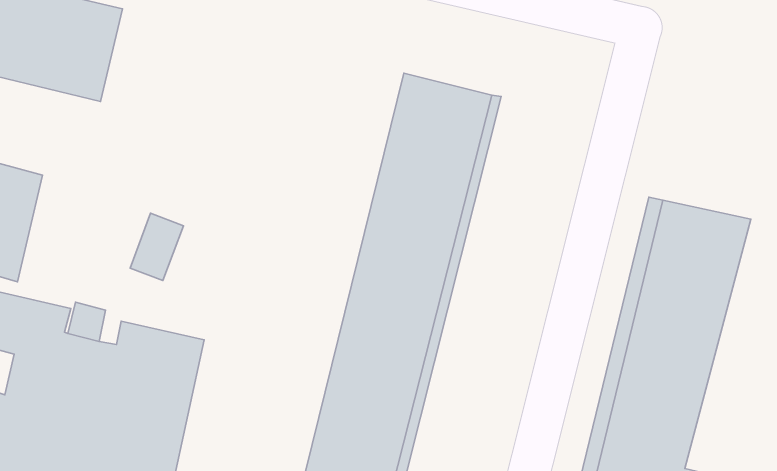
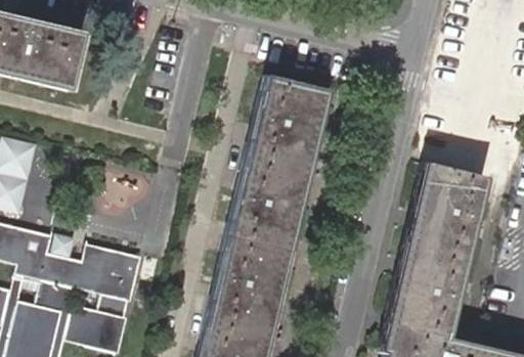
building: [130,213,183,281] -> [26,180,60,224]

